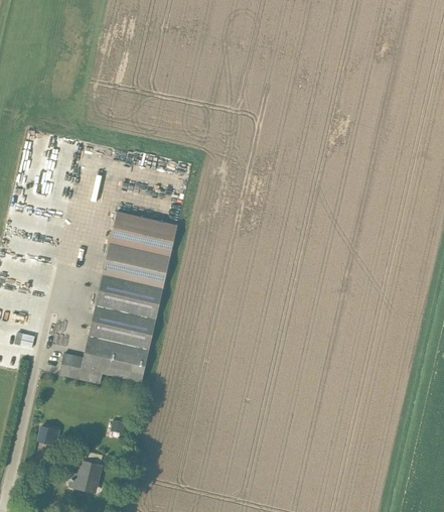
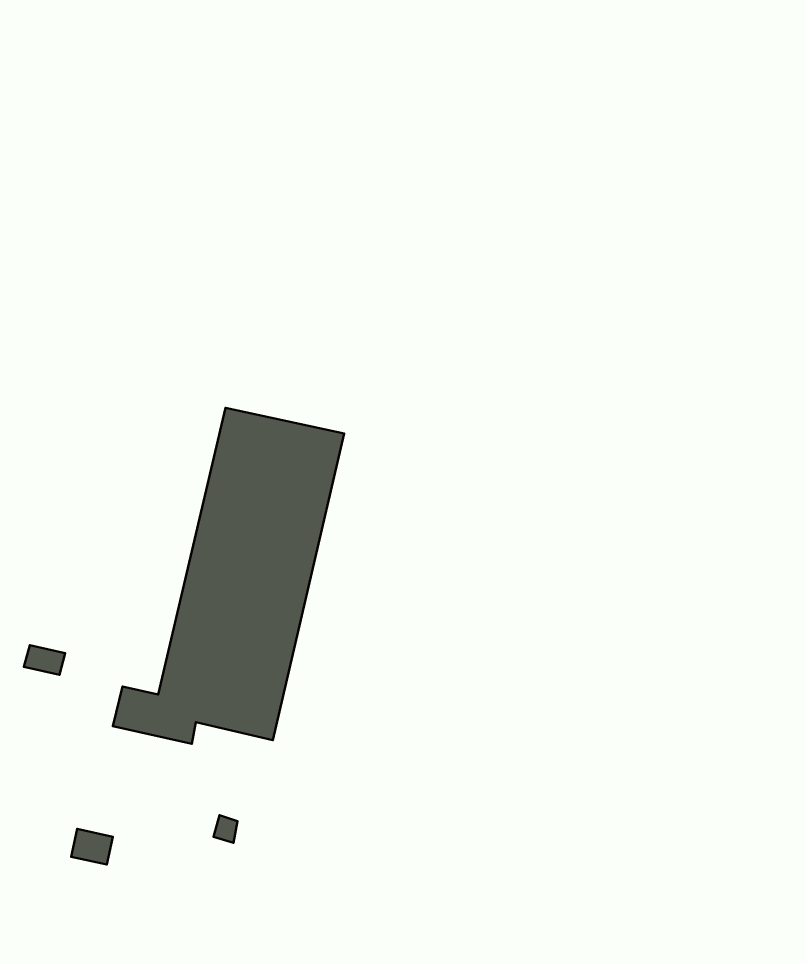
building: [70,462,101,491] -> none

